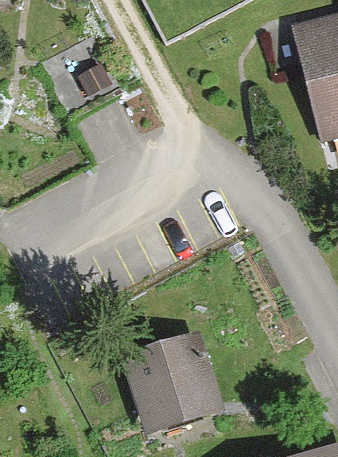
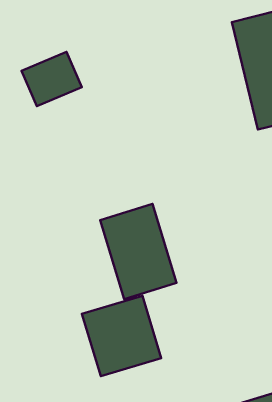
building: none -> [100,204,176,299]

